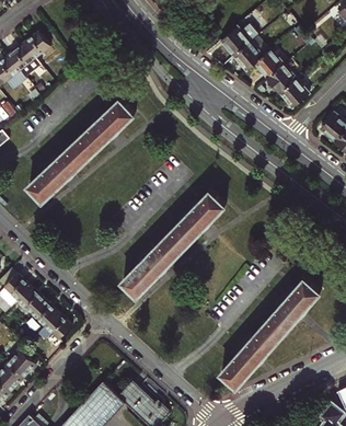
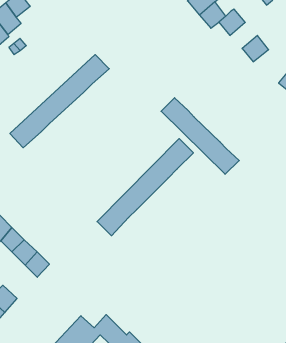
building: [266,64,296,92] -> none
building: none -> [161,98,239,174]
building: [222,277,320,385] -> none

